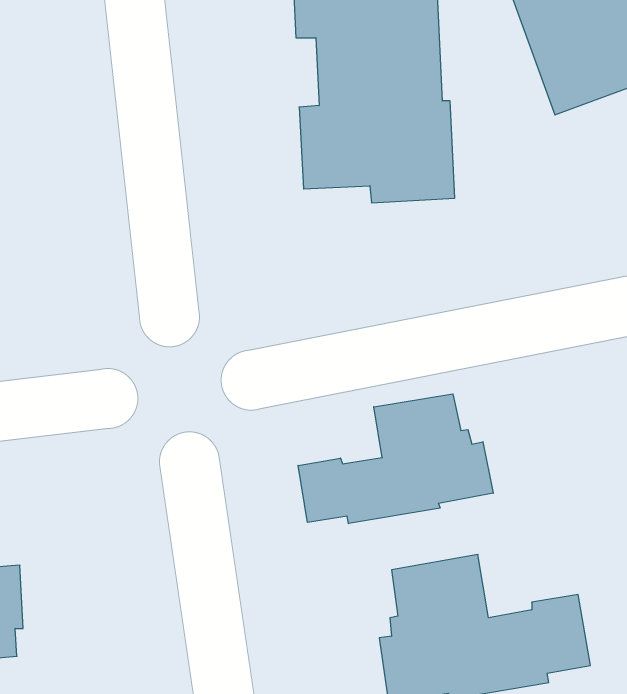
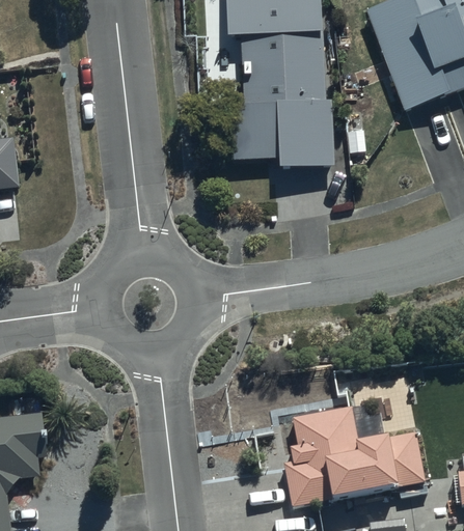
building: [298,394,493,524] -> none

